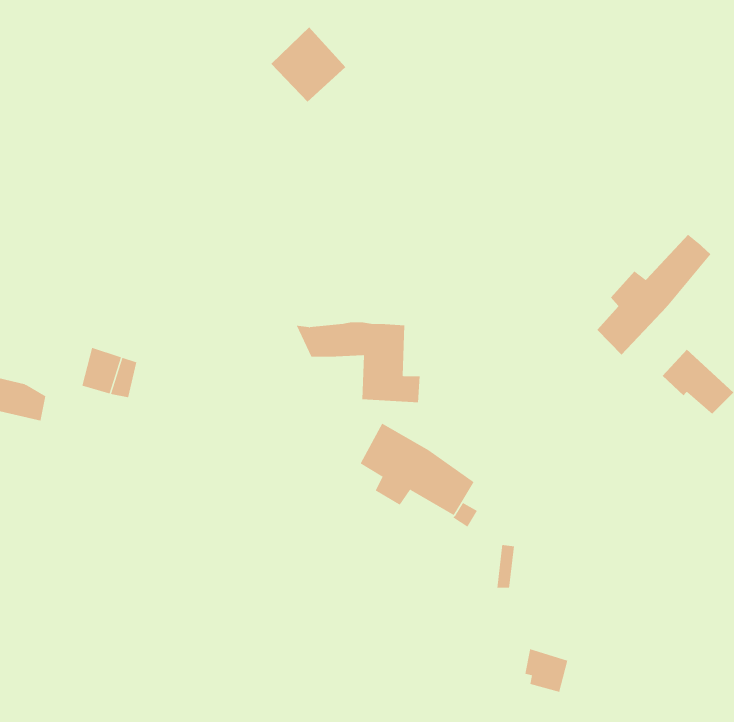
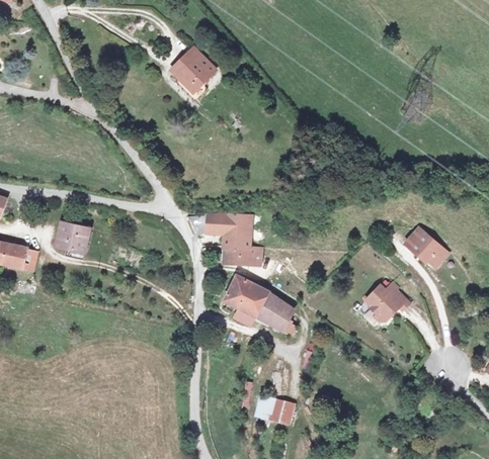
building: [597,234,711,355] -> none
building: none -> [364,283,408,322]
building: [524,649,568,692] -> [264,395,291,422]

